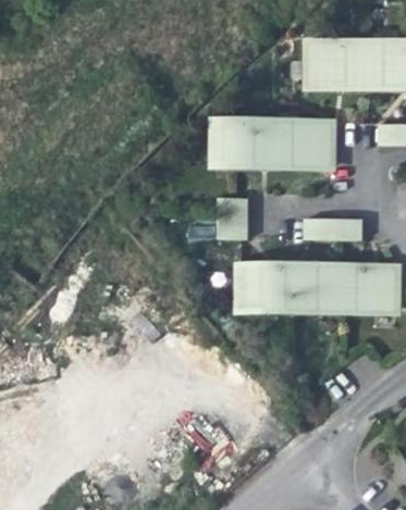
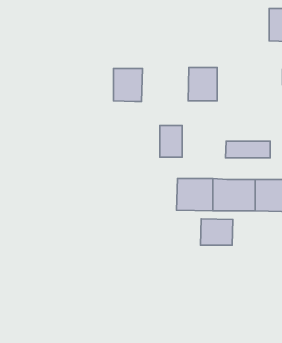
building: [307,43,362,87] -> none
building: [219,122,257,165] -> [113,68,142,102]
building: [294,122,332,165] -> none
building: none -> [201,219,233,245]

